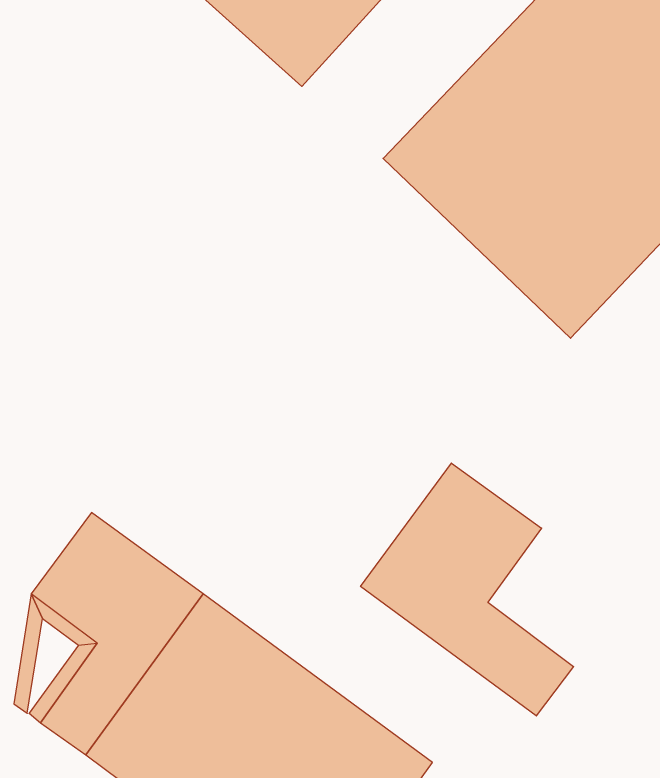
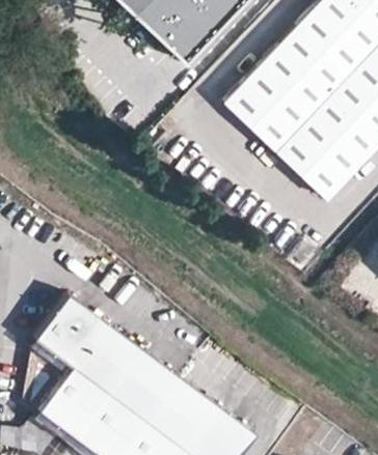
building: [361,463,574,716] -> none

